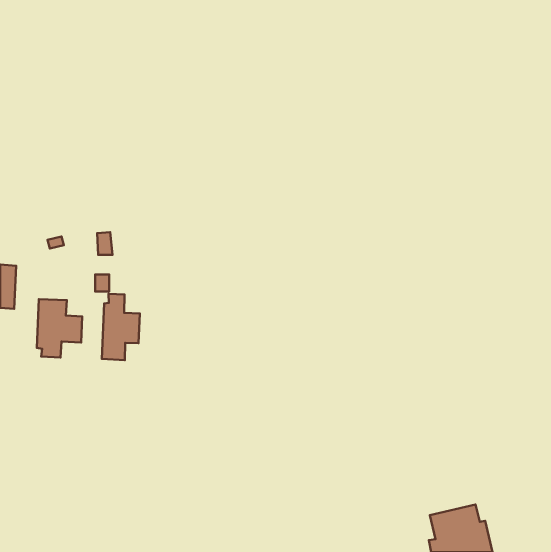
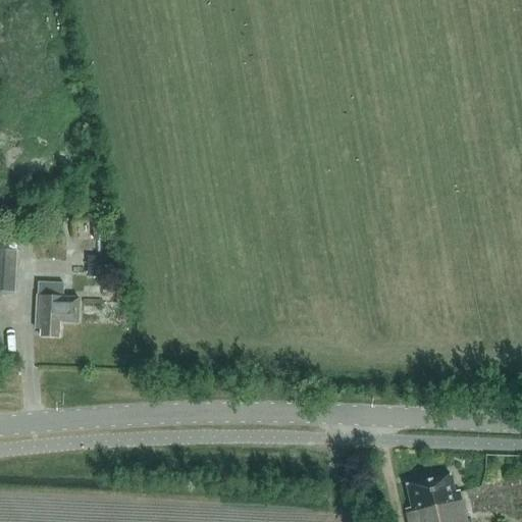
building: [102,294,140,360] -> none

